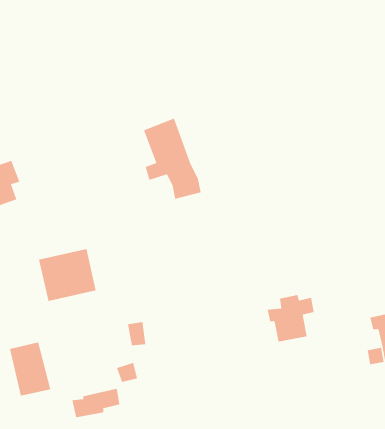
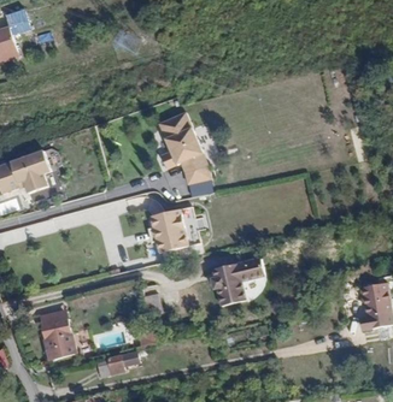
building: [38,249,97,301] -> [149,205,201,252]
building: [267,295,314,342] -> [210,265,252,307]

